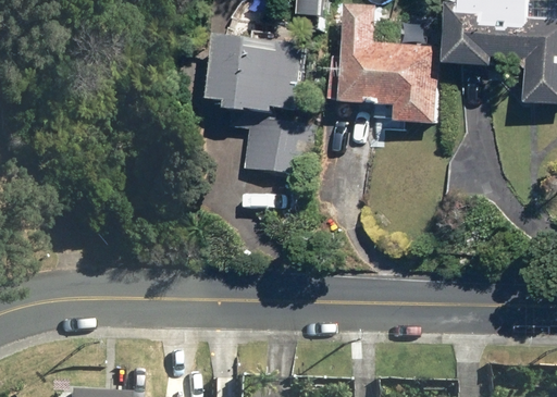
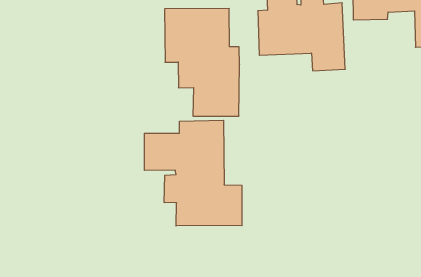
building: none -> [144,120,242,226]

